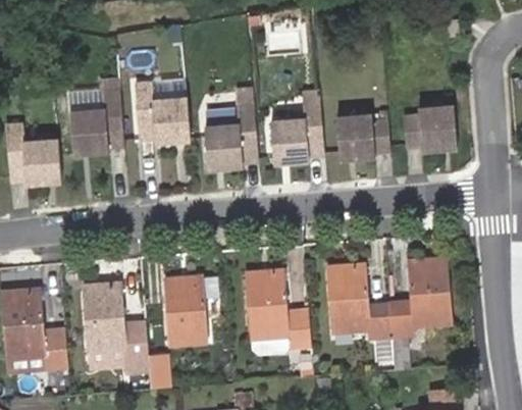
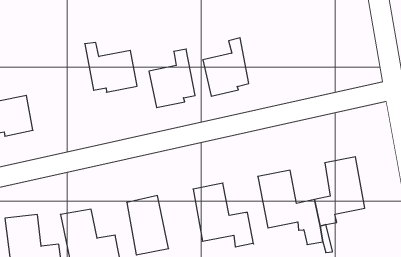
building: [68,92,126,157] -> none
building: [406,104,458,151] -> none
building: [340,112,393,160] -> none

